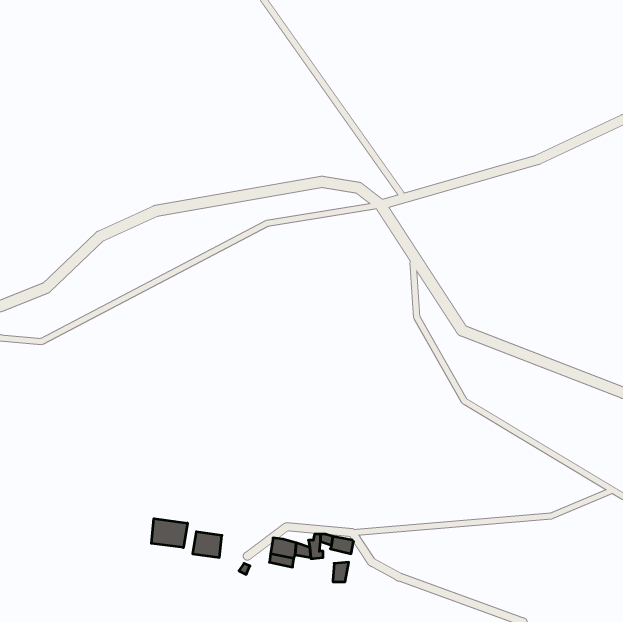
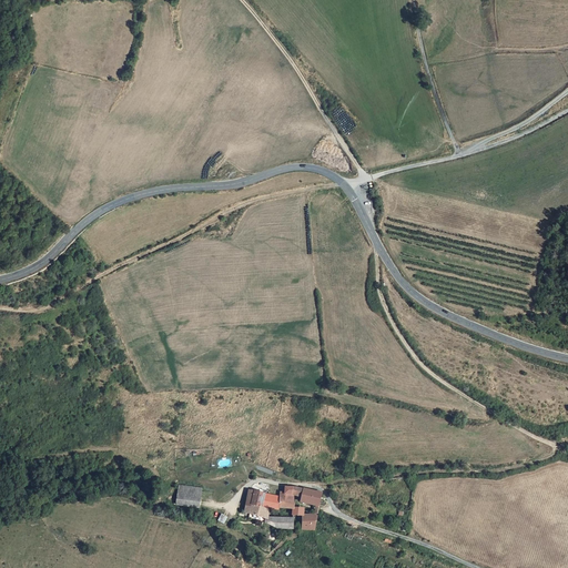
building: [151,519,187,548] -> none

